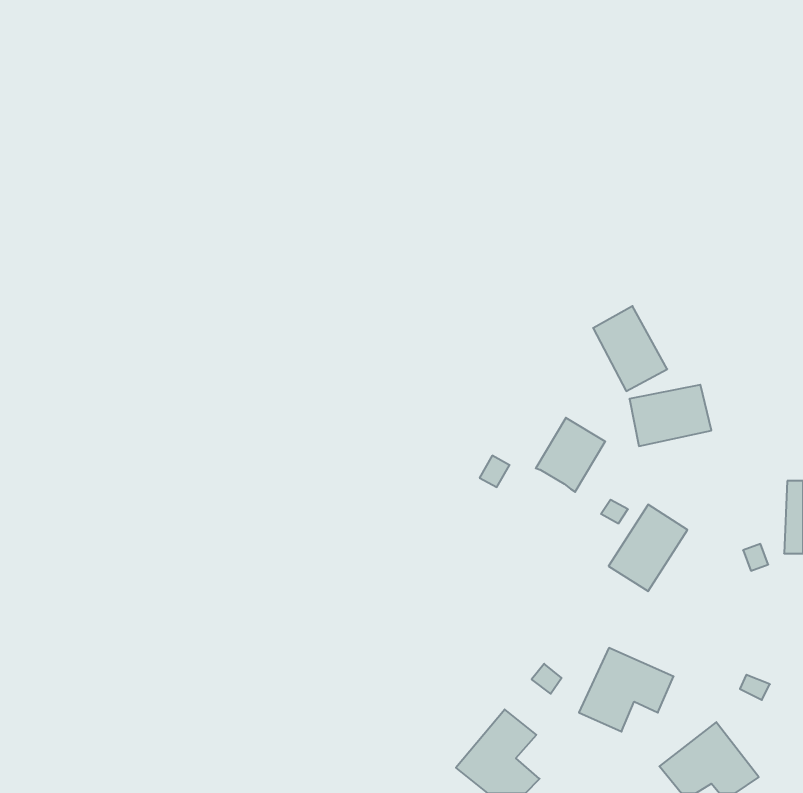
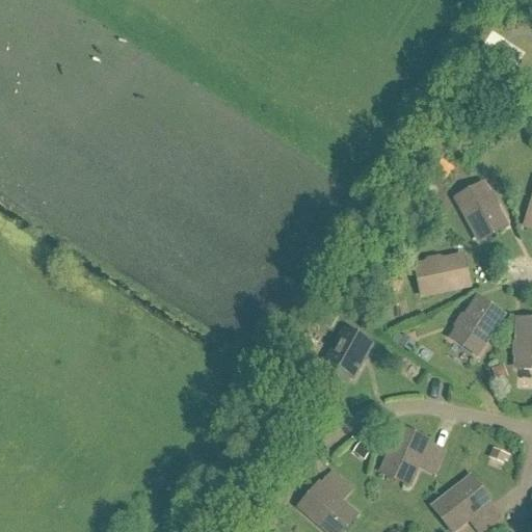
building: [593,306,667,391] -> [456,182,505,238]
building: [536,418,605,492] -> [323,327,369,376]
building: [609,505,687,591] -> [451,295,503,352]

